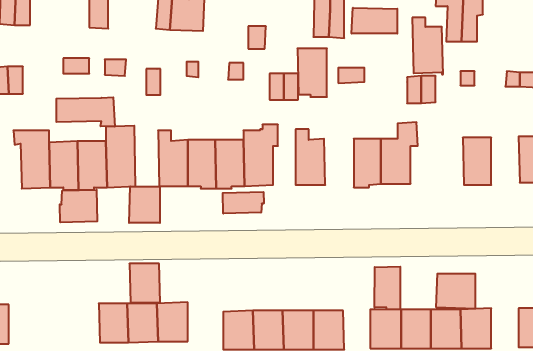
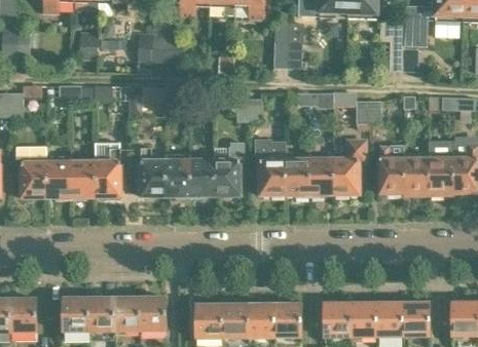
building: [352,8,397,34] -> none
building: [412,18,443,74] -> [378,146,405,195]
building: [297,48,327,97] -> [284,155,309,197]
building: [56,97,115,127] -> none
building: none -> [428,141,453,195]
building: [129,186,160,223] -> none
building: [60,190,97,222] -> none
building: [223,192,264,214] -> none
building: [129,264,160,303] -> [63,298,89,332]
building: [375,267,400,309] -> none
building: [436,274,475,309] -> none
building: none -> [10,298,36,333]

